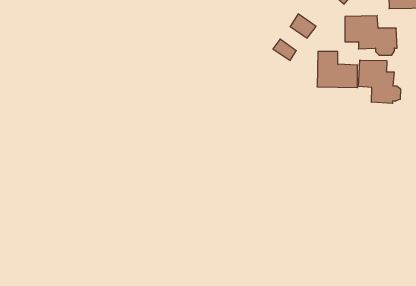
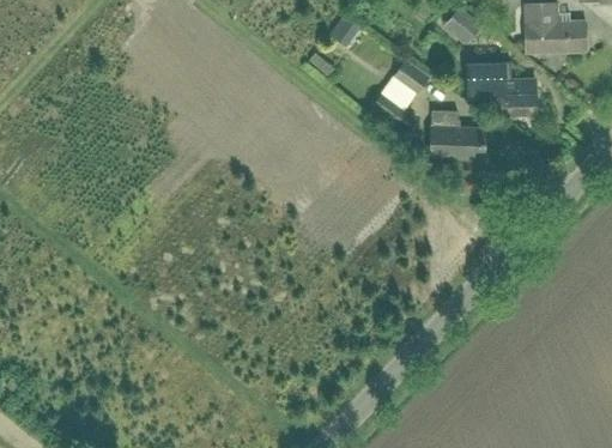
building: [358,60,400,103] -> none

